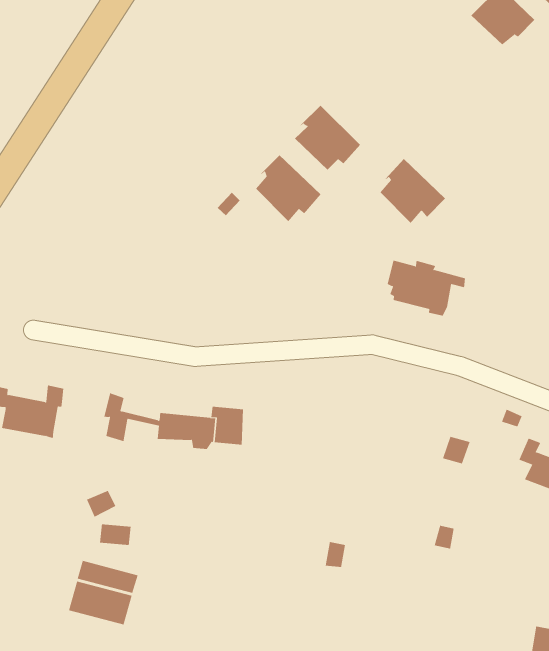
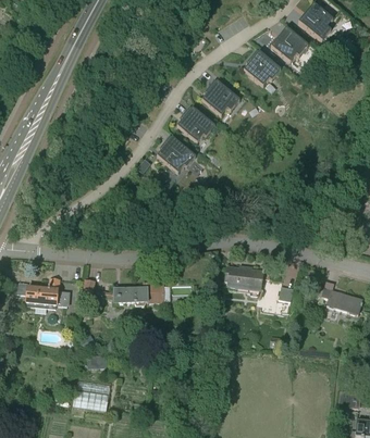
building: none -> [244,49,281,85]
building: [379,158,446,224] -> [202,78,240,115]
building: [387,260,466,316] -> [225,265,270,296]

